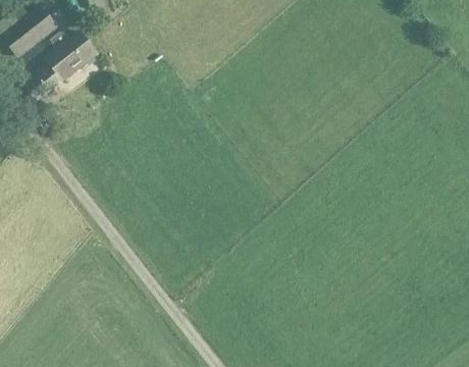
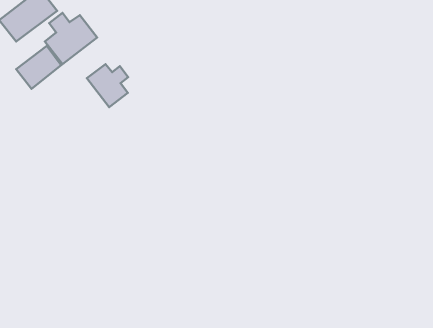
building: none -> [87,64,128,107]

